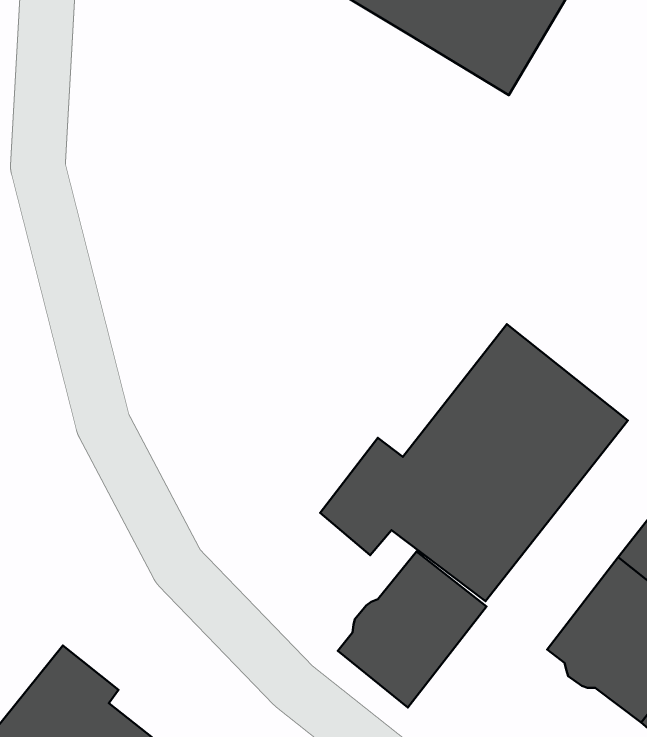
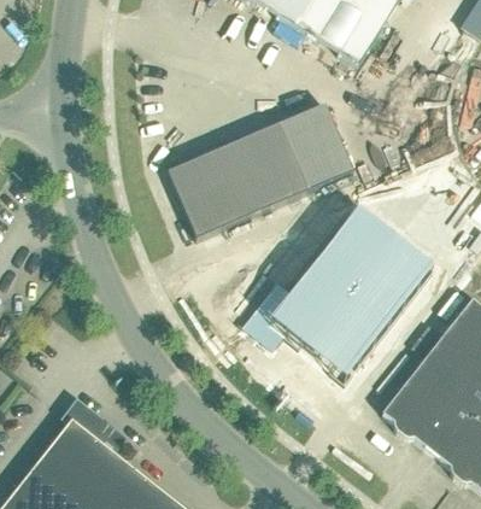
building: none -> [169,103,352,238]
building: [338,552,486,707] -> none

